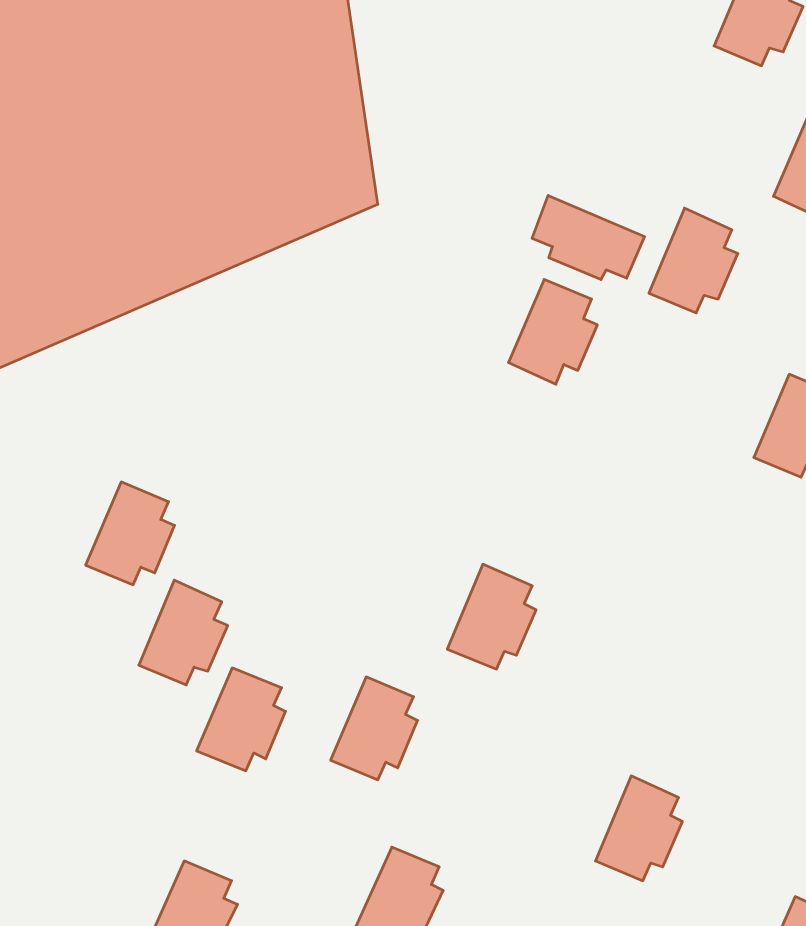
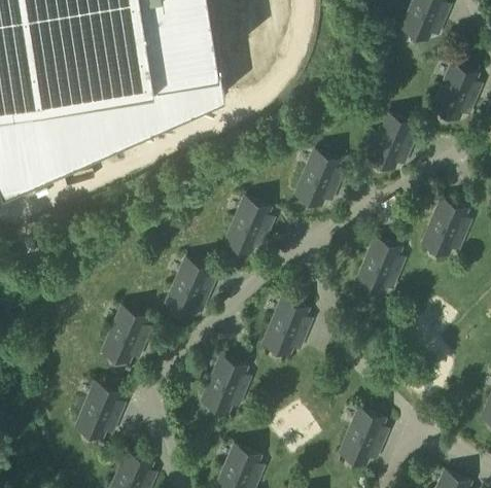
building: [532,195,645,280] -> none
building: none -> [224,198,271,252]
building: none -> [355,238,401,292]
building: [86,482,175,585] -> [166,259,212,313]
building: [197,668,286,771] -> [75,383,121,437]

